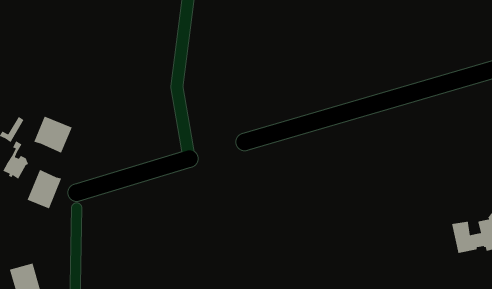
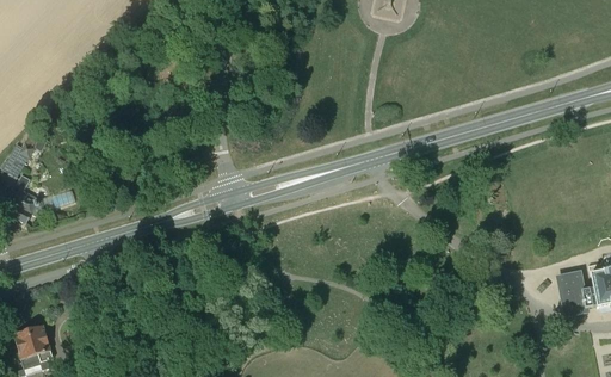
building: [33,116,73,154] -> none
building: [27,169,62,209] -> none

